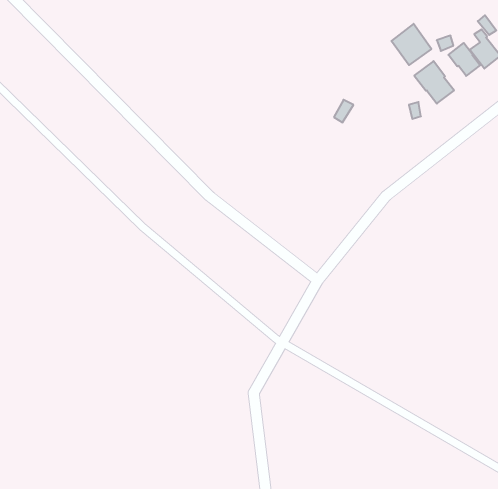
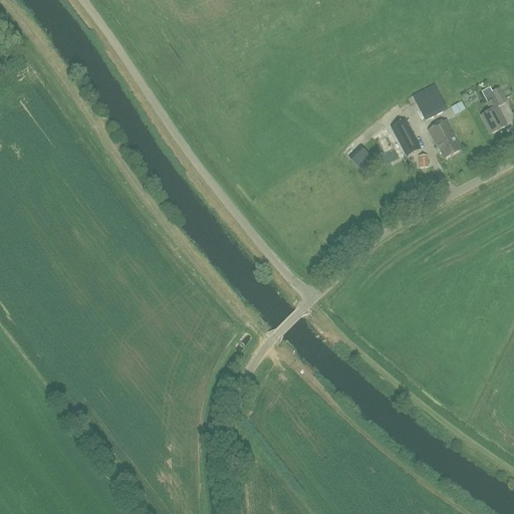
building: [448,43,480,76] -> none
building: none -> [391,117,421,156]

